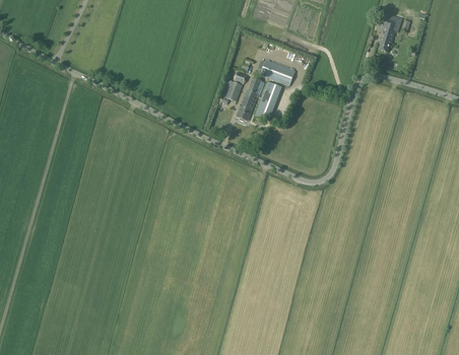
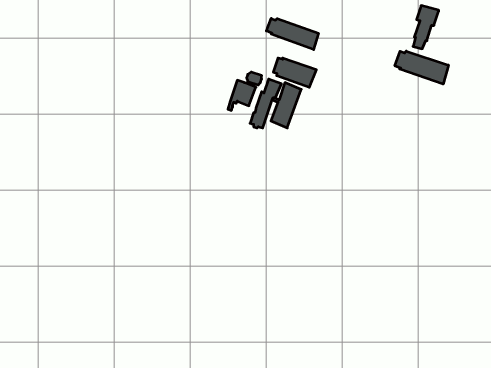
building: none -> [266,18,318,50]
building: none -> [395,51,448,84]

